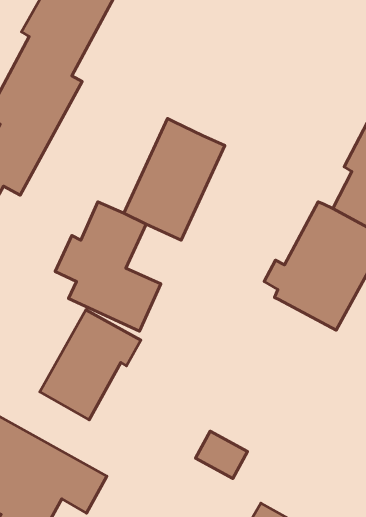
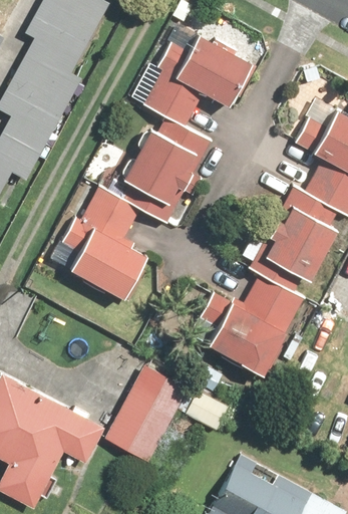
building: none -> [138,23,260,126]
building: none -> [198,273,308,374]
building: [40,310,141,420] -> [103,363,194,462]

